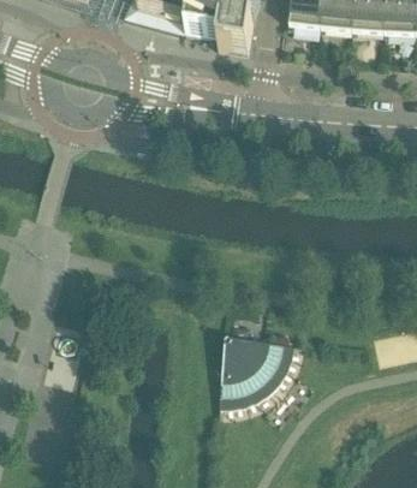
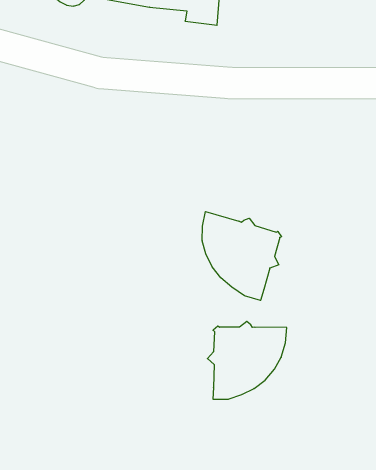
building: none -> [202,212,282,300]

